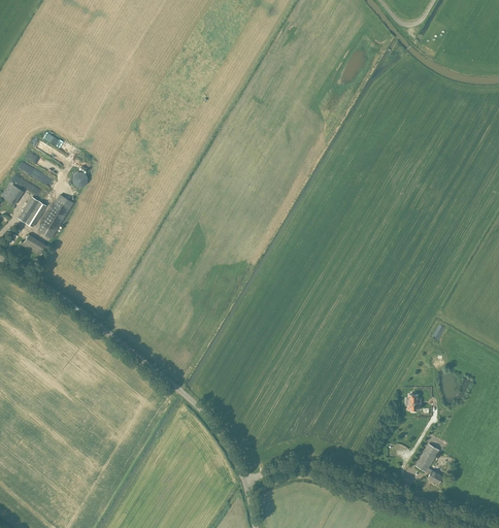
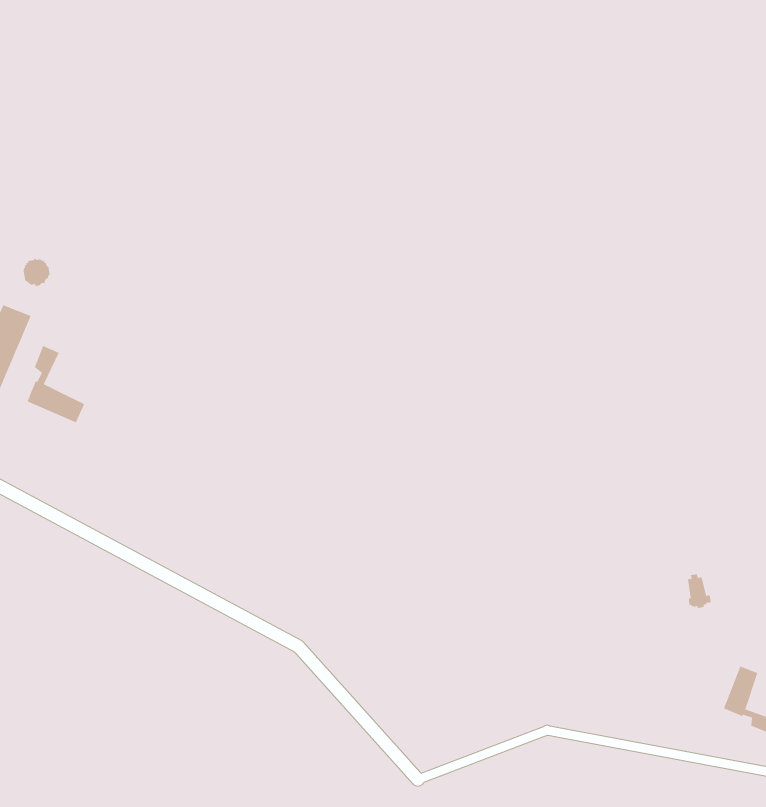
building: none -> [27,345,85,423]

